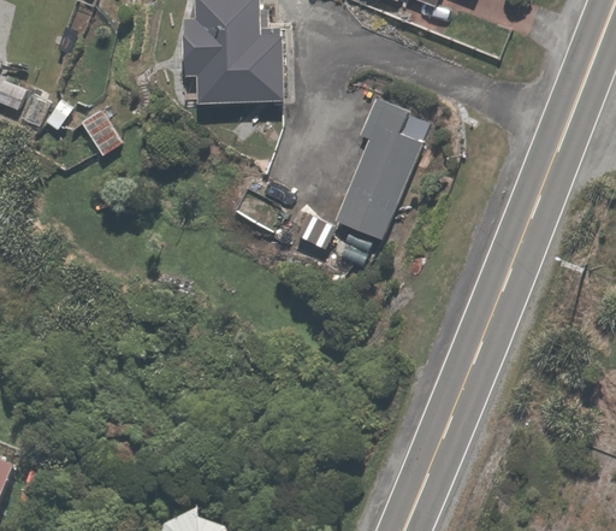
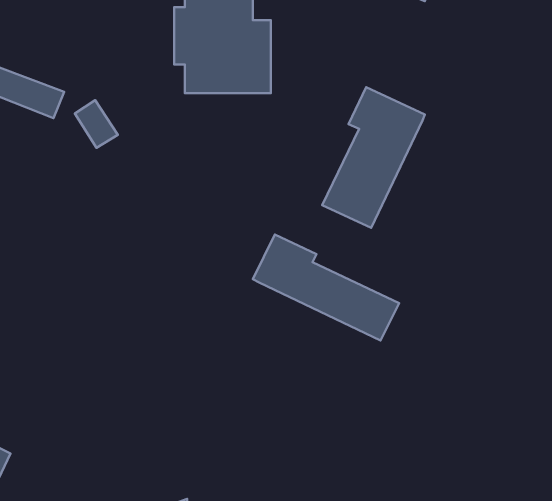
building: none -> [253,234,399,340]

